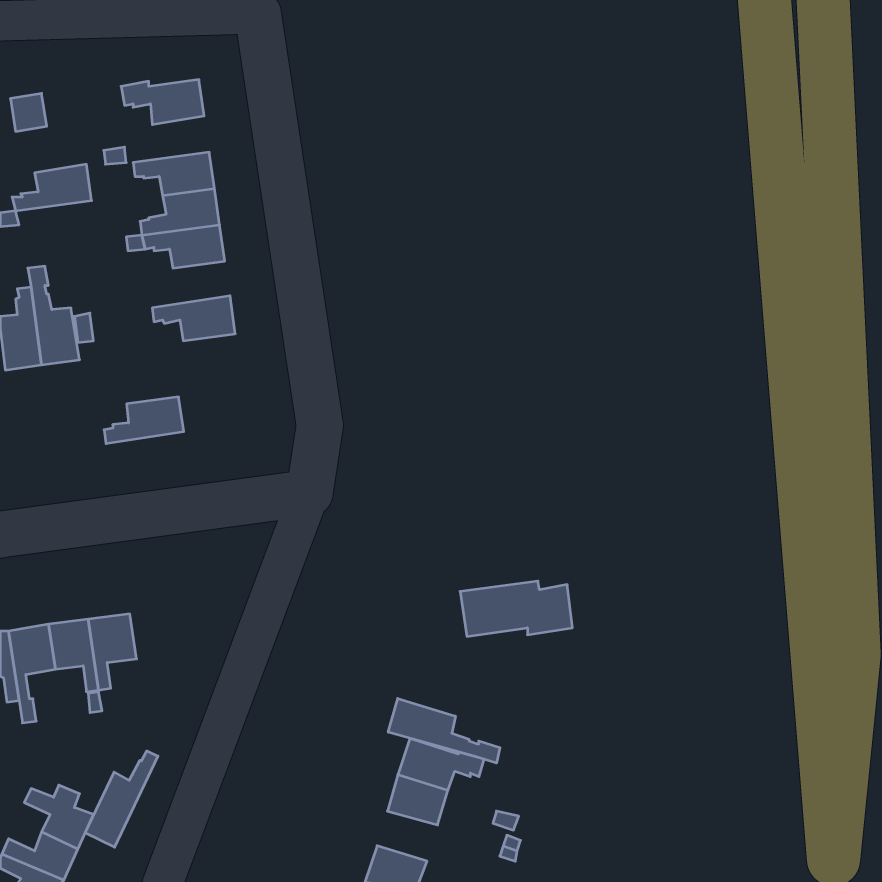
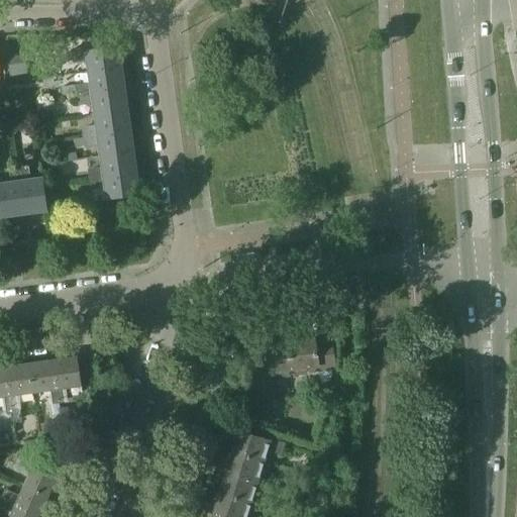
building: [12,164,92,211] -> [77,69,123,96]
building: [104,397,184,444] -> [89,153,135,181]
building: [388,698,500,763] -> none
building: [85,751,158,847] -> none
building: none -> [221,475,256,504]

